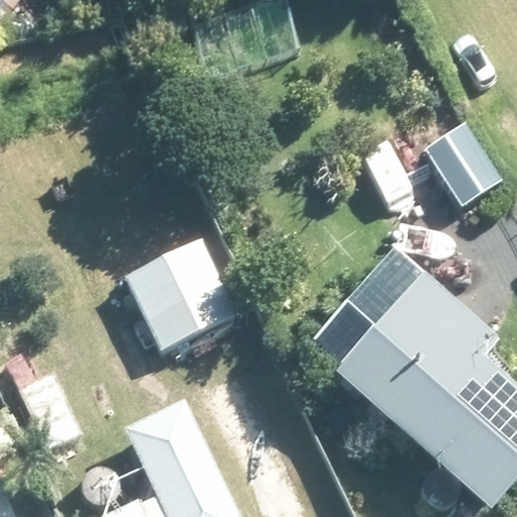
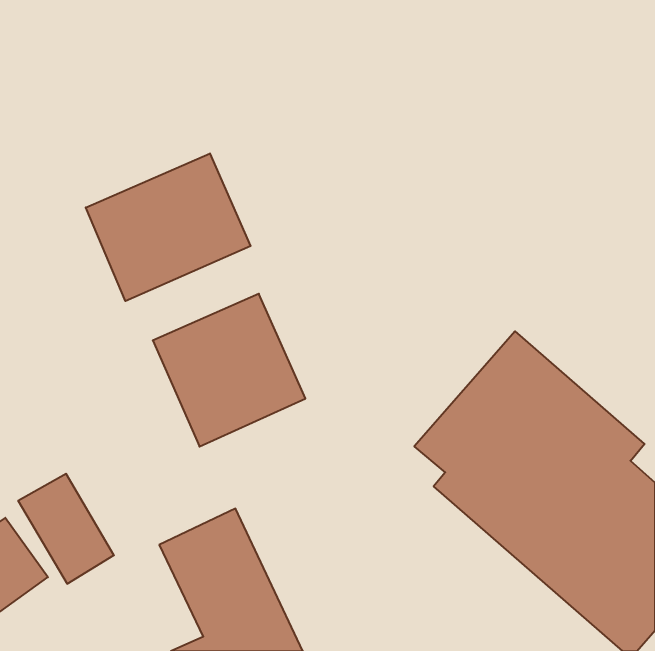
building: none -> [86,153,251,301]

